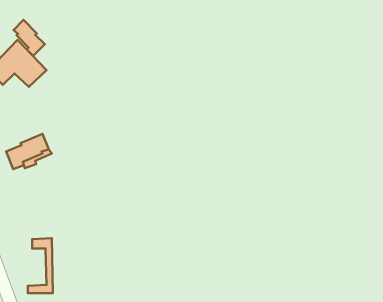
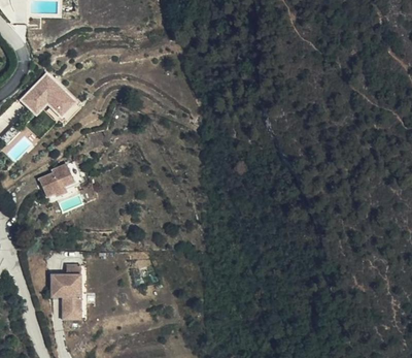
building: [13,20,45,56] -> none
building: none -> [46,276,76,314]

